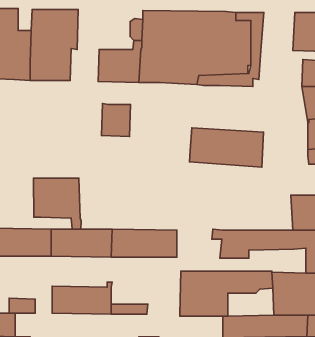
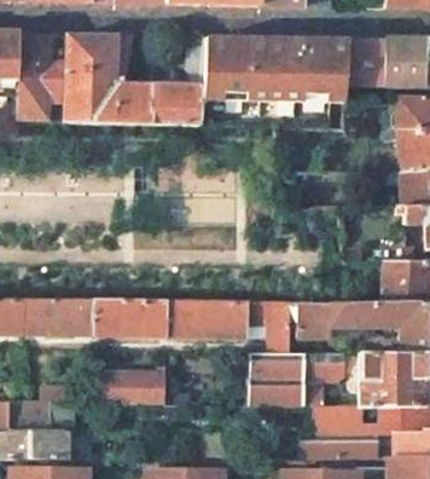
building: none -> [345,39,387,85]
building: [102,104,131,137] -> [115,82,150,122]
building: [189,128,263,167] -> none
building: [34,178,81,229] -> none
building: none -> [244,301,287,352]

